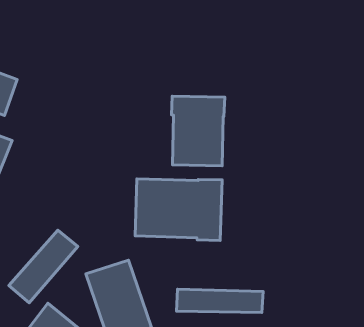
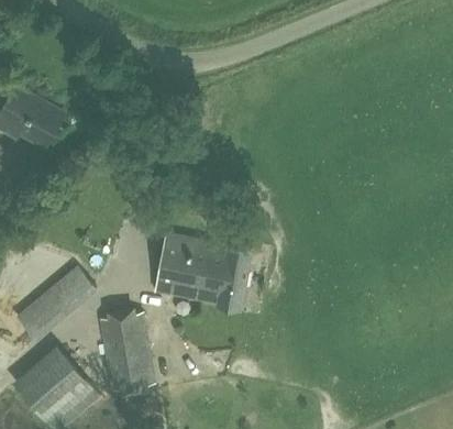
building: [172,96,225,166] -> none
building: [177,289,263,313] -> none

